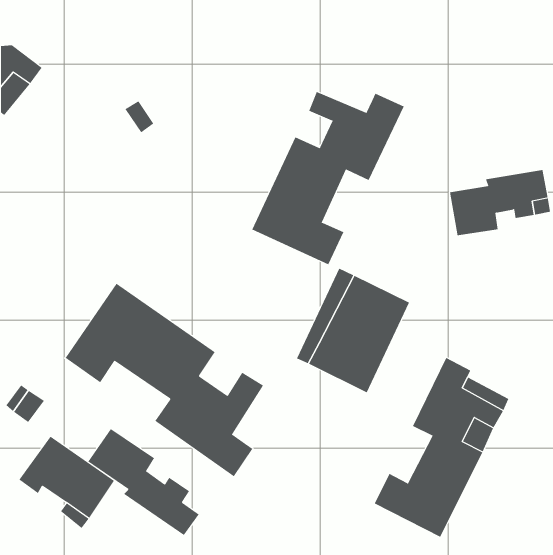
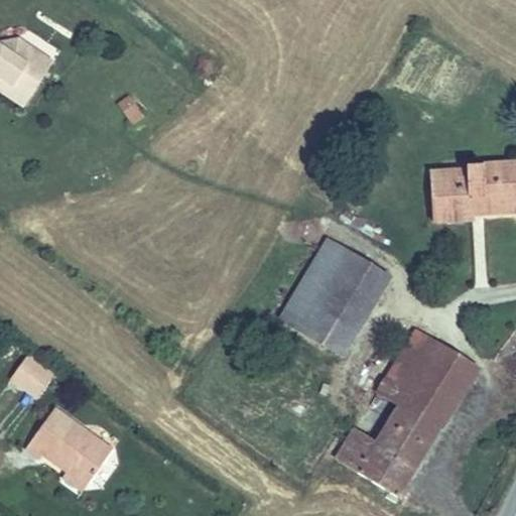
building: [251,91,404,265] -> none
building: [65,283,264,477] -> none
building: [88,428,200,536] -> none

